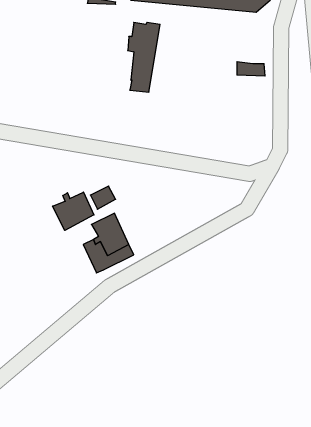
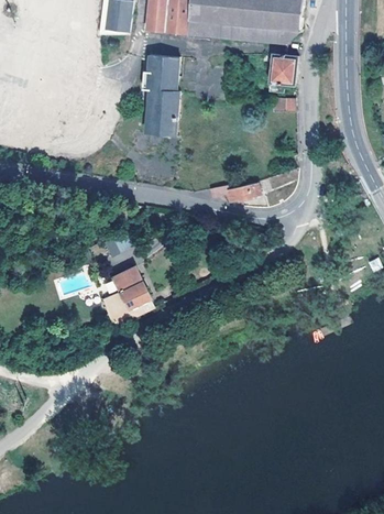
building: none -> [270,54,297,91]
building: none -> [210,184,259,204]
building: [53,192,94,230] -> none

